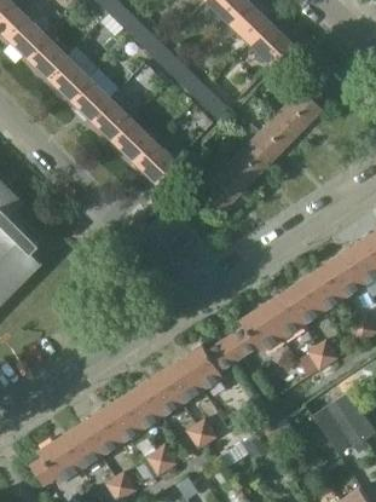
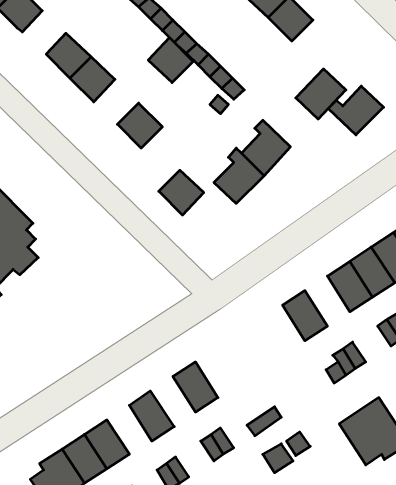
building: [24,36,64,76] -> none
building: [89,99,131,140] -> [148,38,193,83]
building: [244,116,295,161] -> [328,86,384,135]
building: [133,143,174,184] -> [159,170,204,215]
building: [283,279,324,325] -> none
building: [230,306,283,357] -> none
building: [183,341,236,391] -> none
building: [141,371,183,417] -> none
building: [102,398,143,443] -> none

